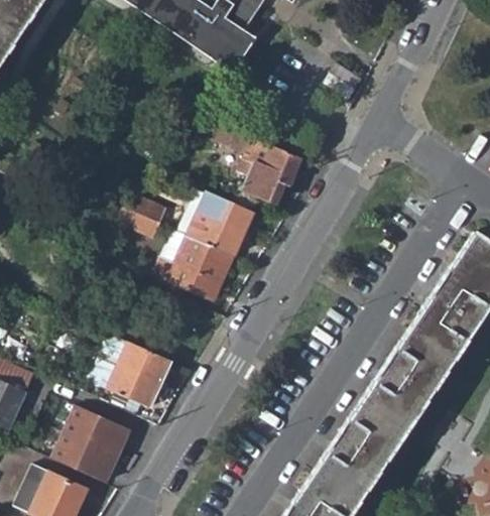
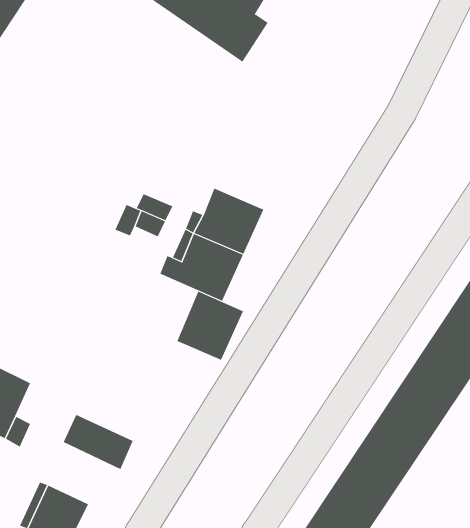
building: [228,130,302,202] -> none
building: [108,341,171,406] -> [176,291,244,360]
building: [50,430,118,483] -> none

